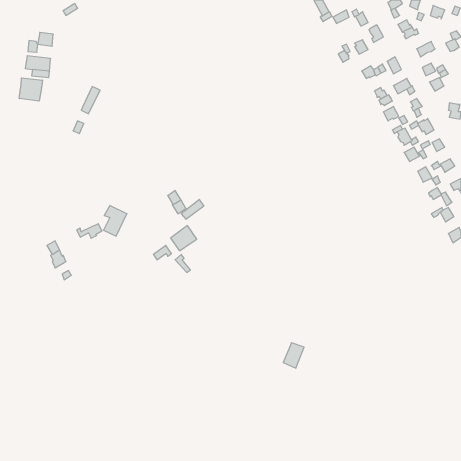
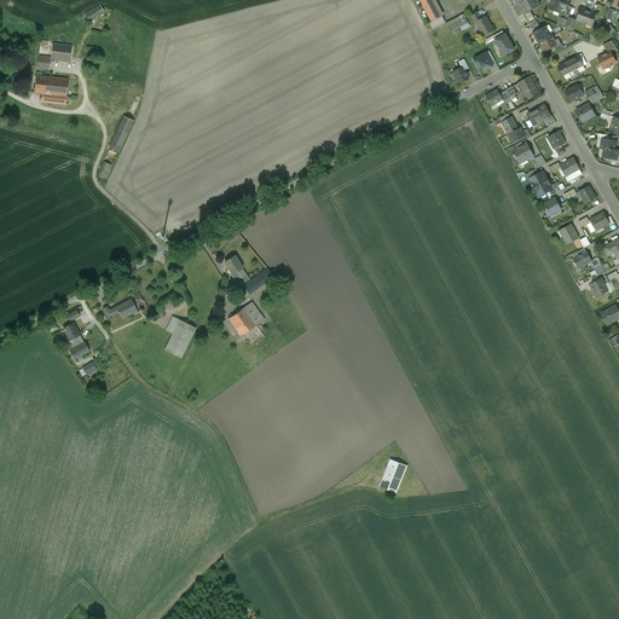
building: [19,78,42,101] -> none
building: [103,206,127,236] -> [164,317,196,358]

